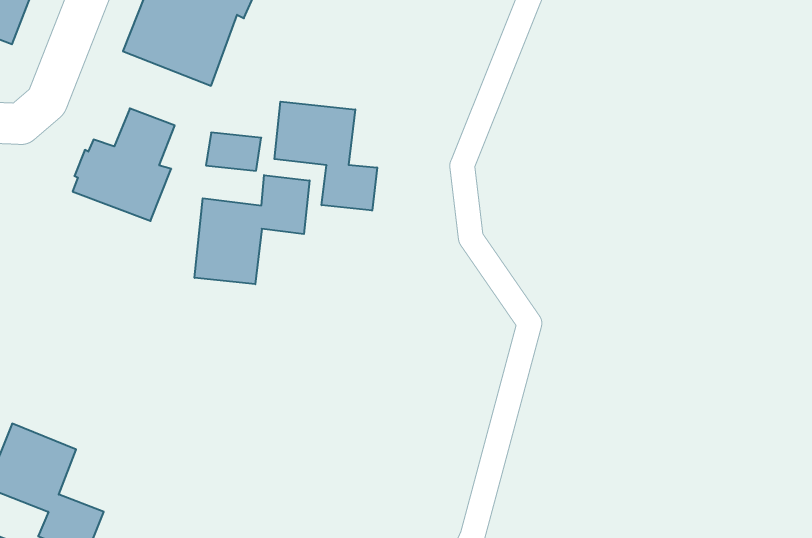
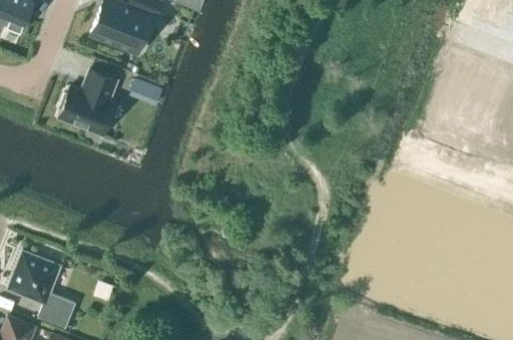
building: [274,102,377,211] -> none
building: [195,175,310,284] -> none

